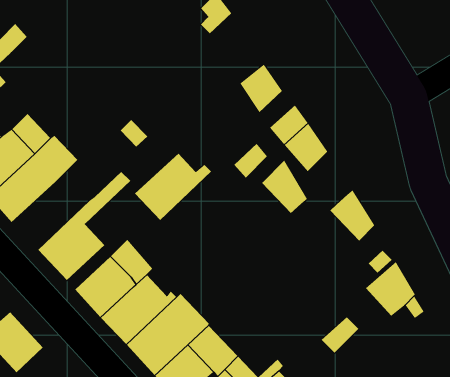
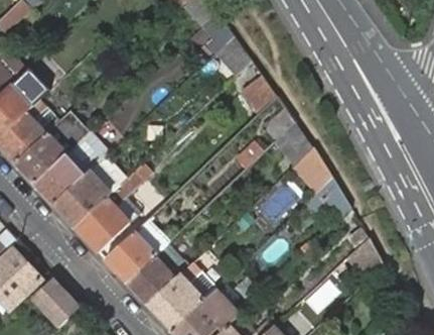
building: none -> [215,34,253,76]
building: [134,153,212,221] -> [53,173,117,228]
building: [261,159,308,214] -> [294,146,332,191]

